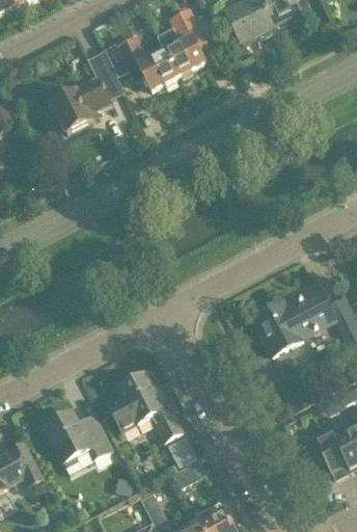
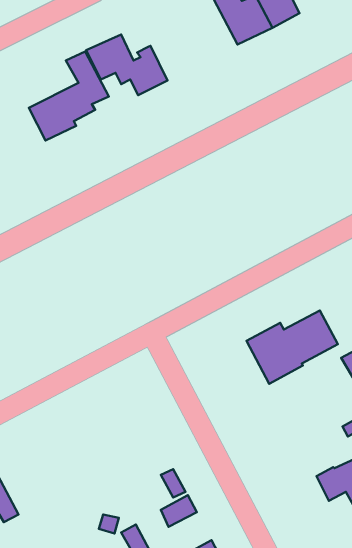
building: [163,9,214,76] -> none
building: [105,371,182,440] -> none
building: [44,409,111,460] -> none

